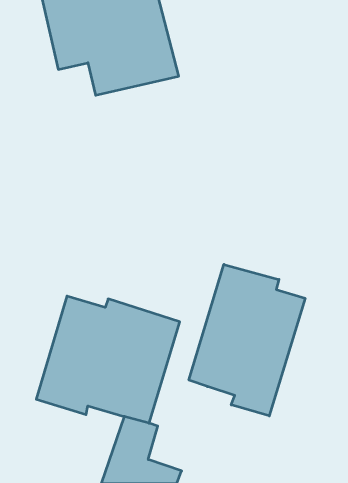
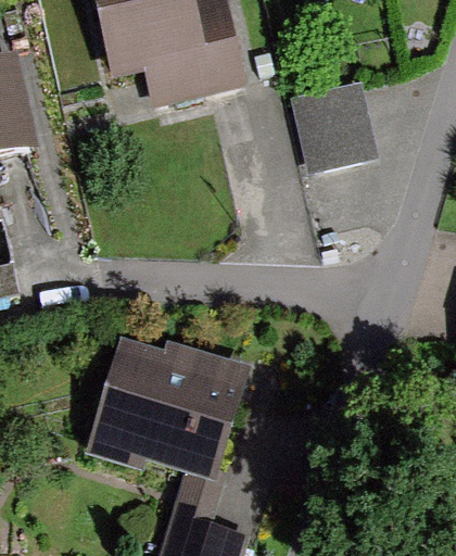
building: none -> [290,81,378,173]
building: [189,264,305,416] -> none

